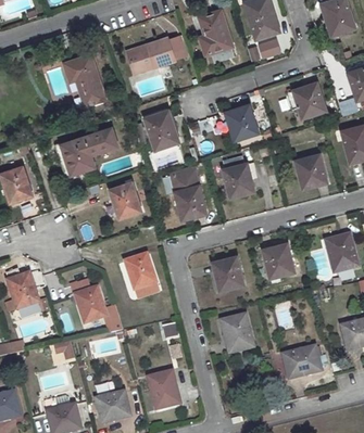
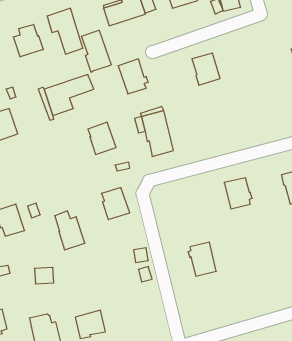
building: none -> [14,24,43,57]
building: none -> [82,30,111,72]
building: [286,82,326,117] -> none
building: [296,154,326,189] -> none
building: [222,155,253,198] -> none
building: [213,255,243,289] -> none
building: [283,345,321,377] -> none
building: [147,371,179,409] -> none

